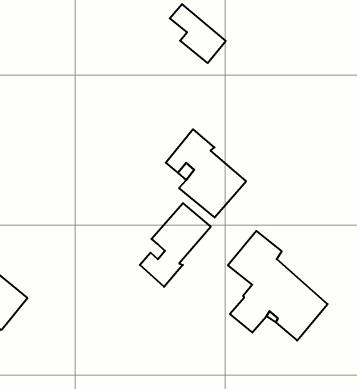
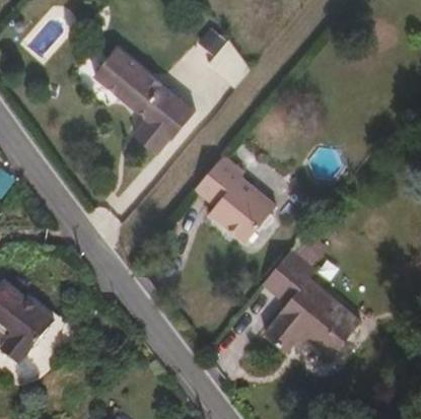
building: none -> [91,40,193,147]
building: [140,203,211,287] -> none

